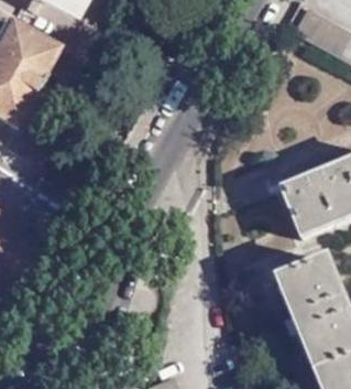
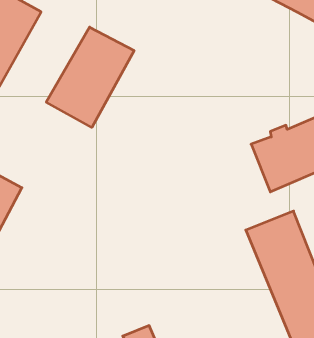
building: none -> [46,27,134,127]

